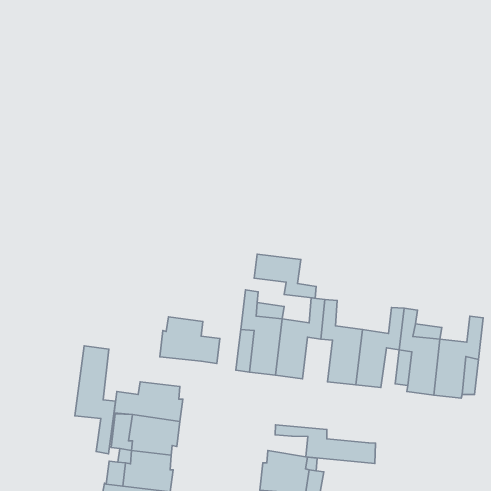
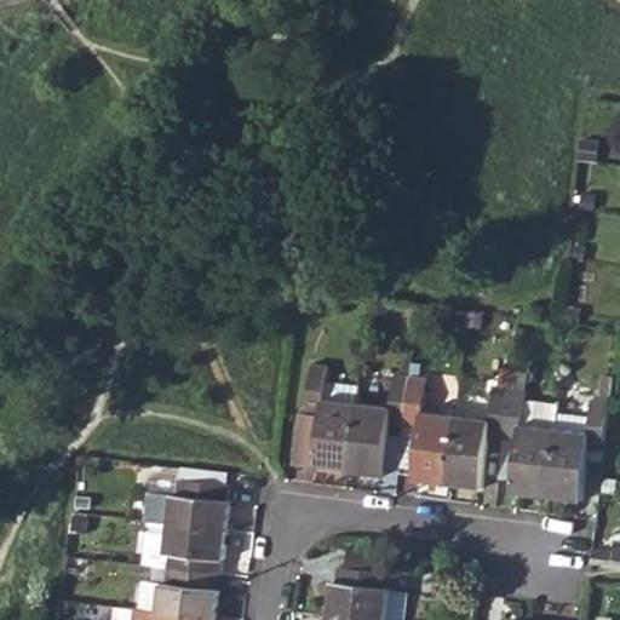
building: [254,254,316,298] -> none
building: [160,317,220,363] -> none
building: [75,346,116,454] -> none
building: [275,425,376,464] -> none

